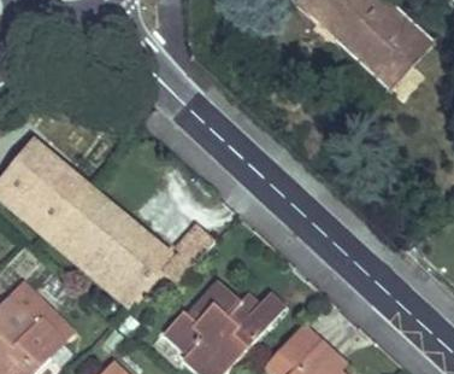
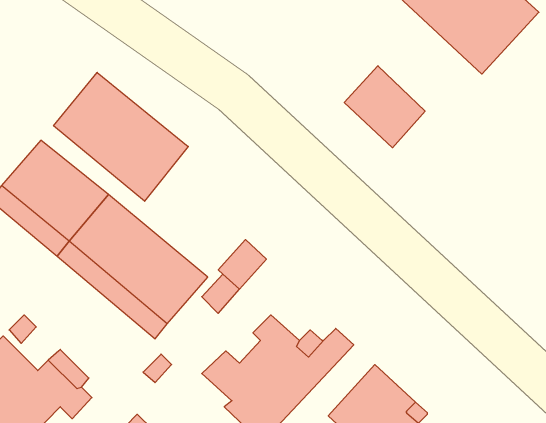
building: none -> [344,66,425,148]
building: none -> [54,72,188,201]

